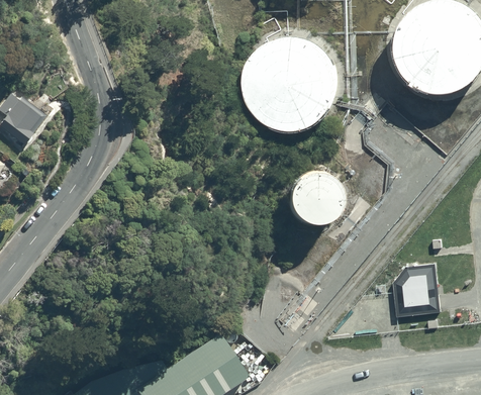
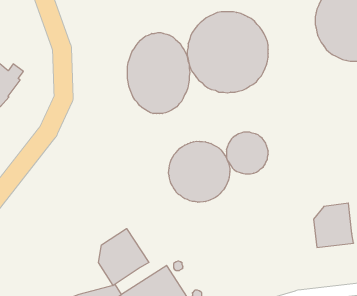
building: none -> [127,33,190,114]
building: none -> [169,141,230,202]
building: none -> [98,229,149,286]

